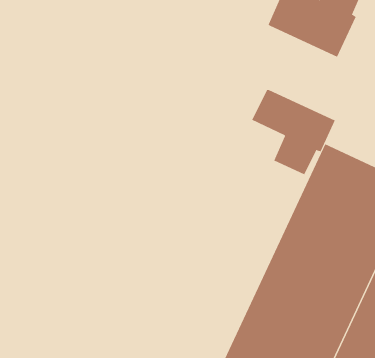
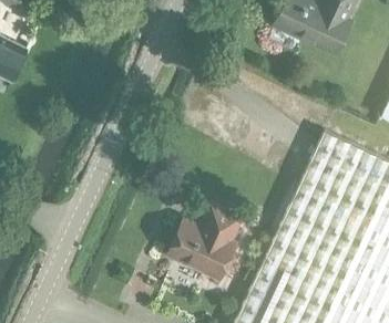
building: [251,89,335,175] -> none
building: none -> [168,205,242,280]

